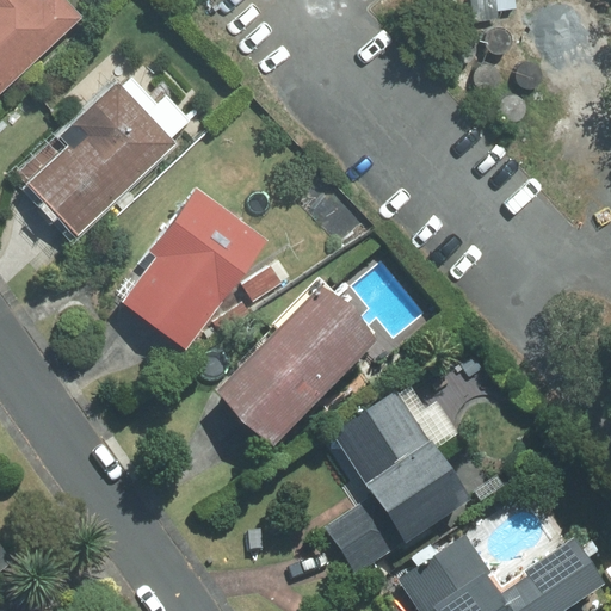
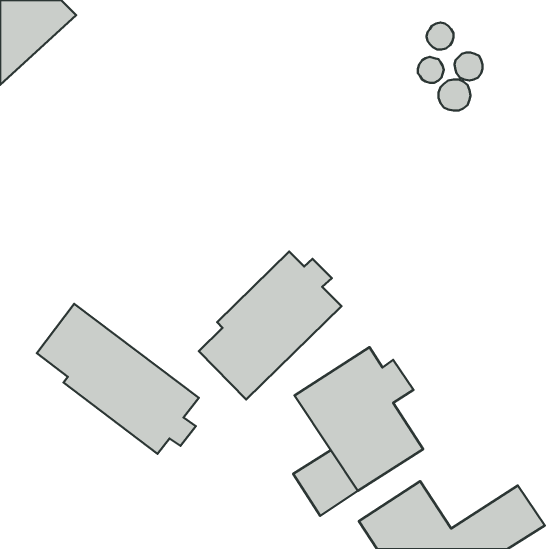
building: [13,76,189,240] -> none
building: [124,186,267,348] -> none
building: none -> [37,304,199,454]

